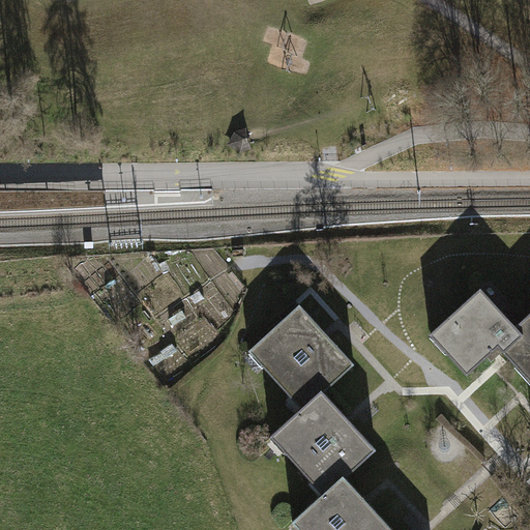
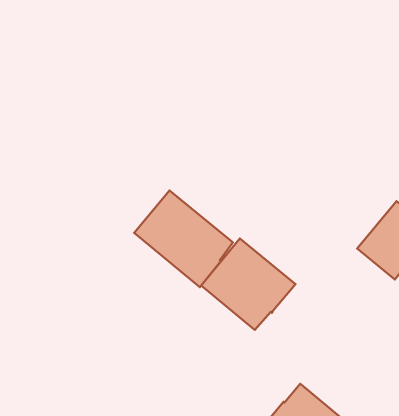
building: none -> [134,190,233,287]
building: [270,392,376,496] -> none

